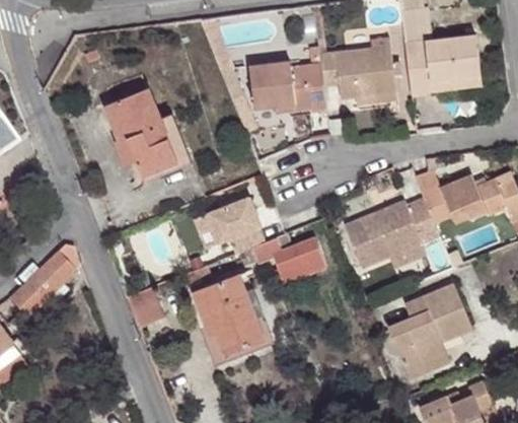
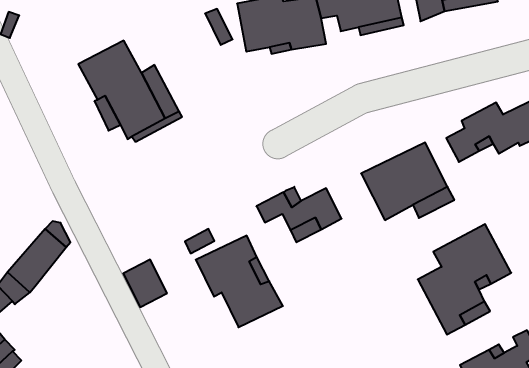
building: [205,196,258,242] -> none

